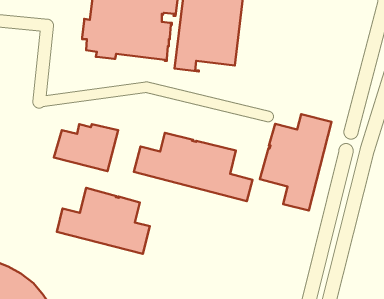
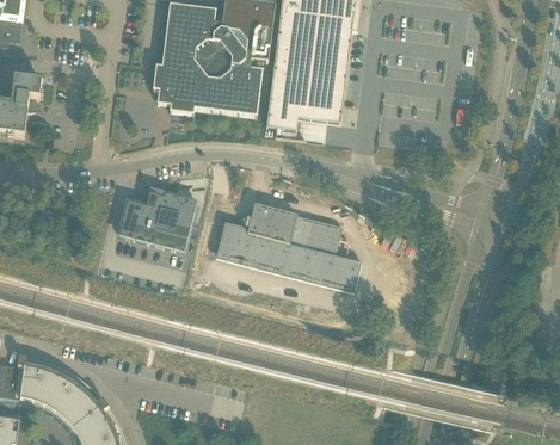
building: [260,114,332,211] -> none
building: [57,188,150,254] -> none

